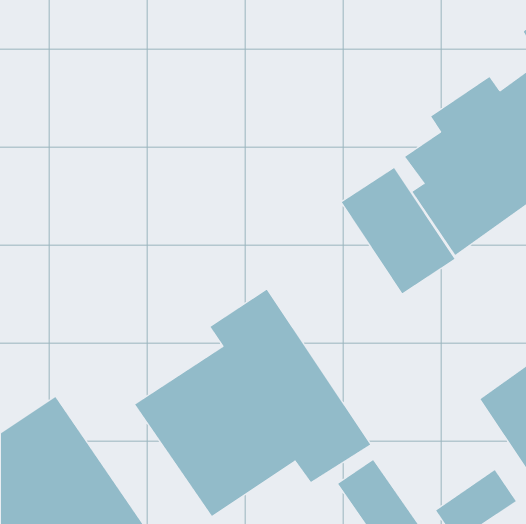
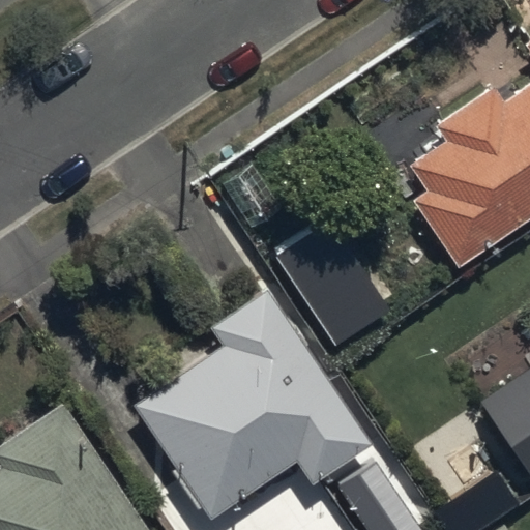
building: [341,167,455,294] -> [276,224,391,351]

